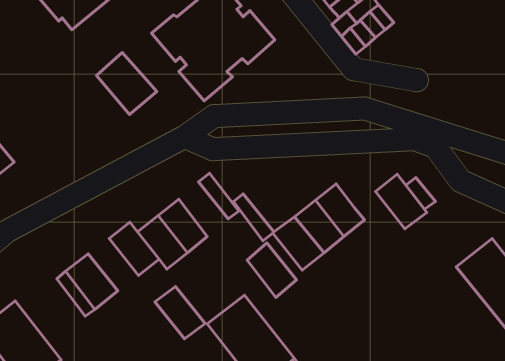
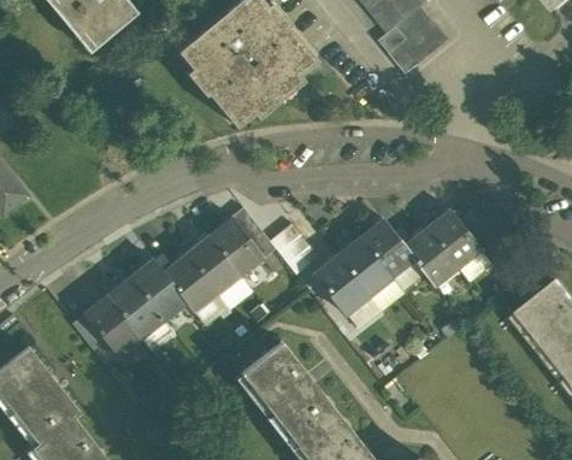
building: [96,53,157,115] -> none
building: none -> [402,228,458,287]
building: [247,243,296,297] -> [208,217,263,277]
building: [155,286,205,339] -> [108,279,164,337]

